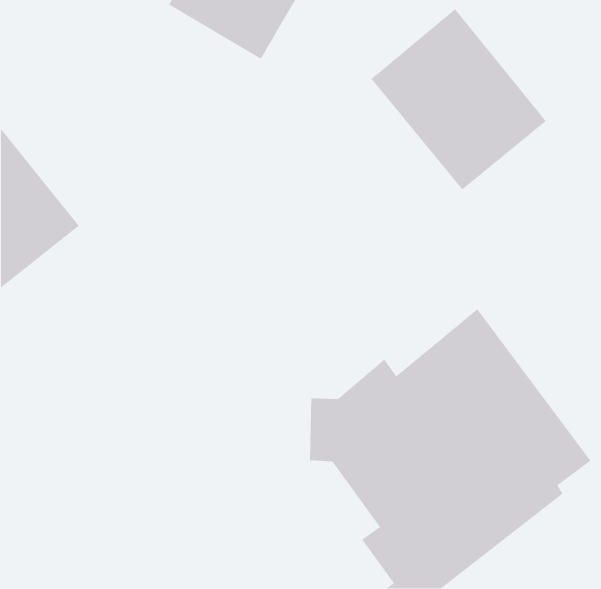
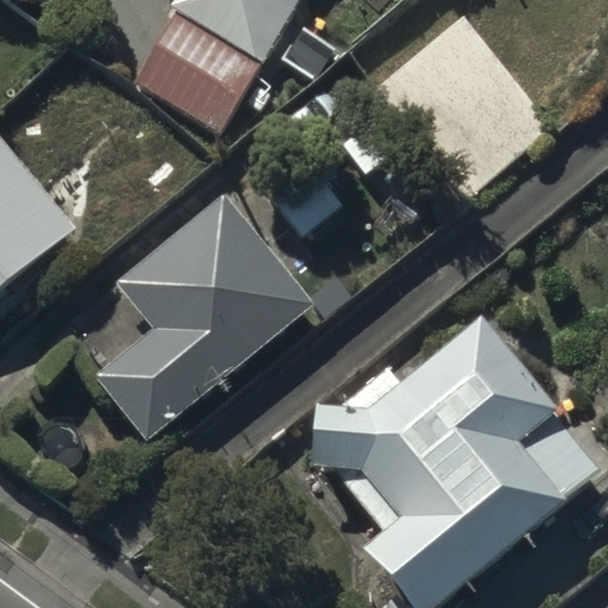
building: none -> [128,5,264,133]
building: none -> [90,197,314,444]

